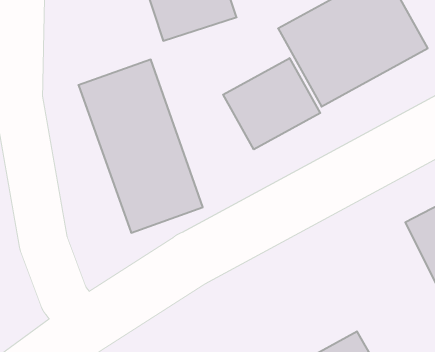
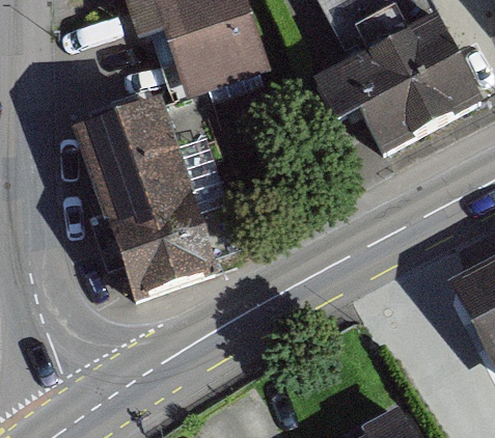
building: [223,58,320,149] -> none

